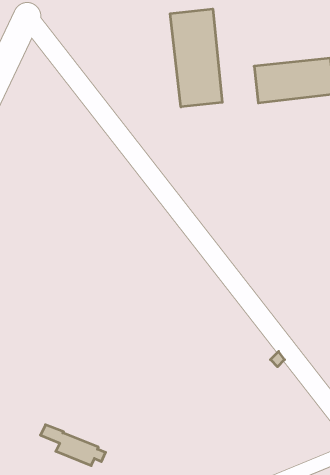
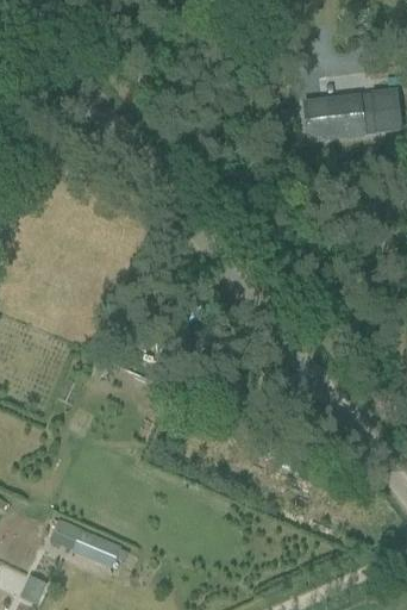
building: [170,9,222,107] -> none

